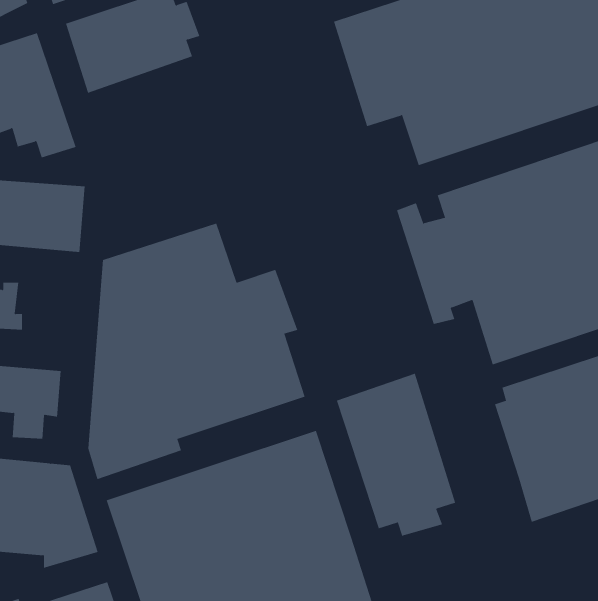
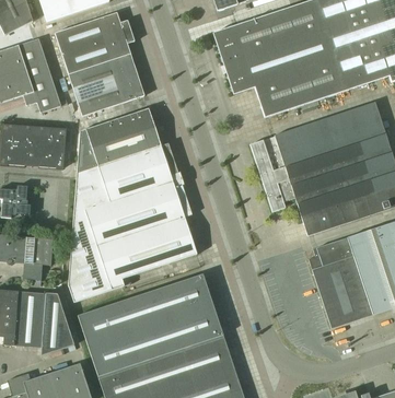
building: none -> [67,52,143,116]
building: none -> [75,108,178,186]
building: [336,373,456,537] -> none

